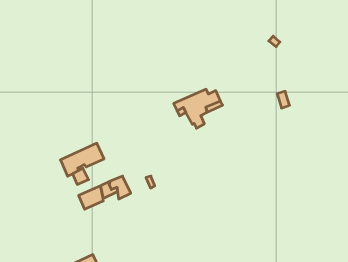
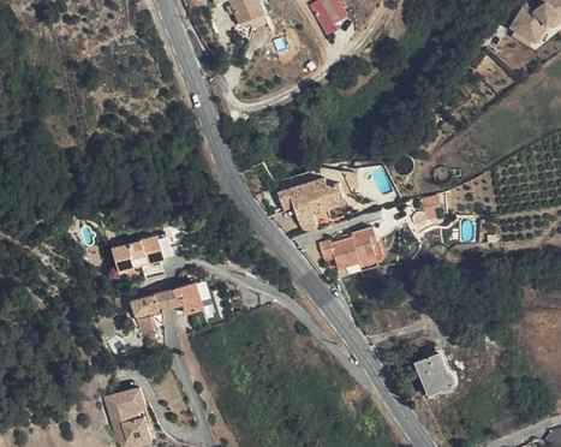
building: none -> [320,226,381,267]
building: none -> [416,352,453,392]

